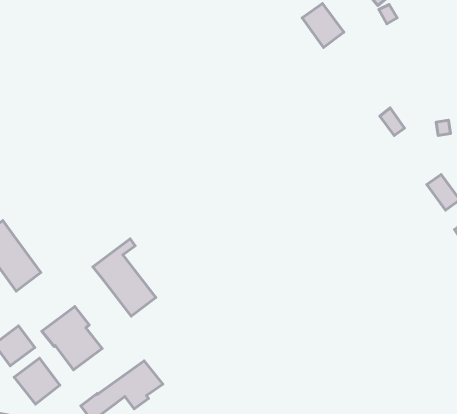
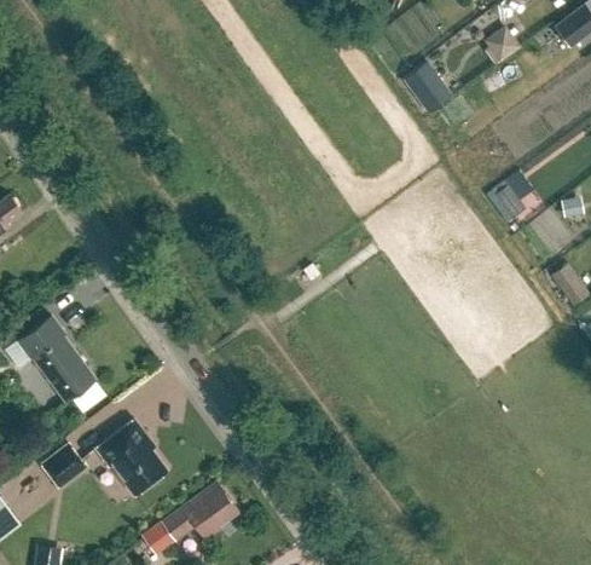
building: [93,239,156,316] -> none
building: [14,358,60,404] -> none

